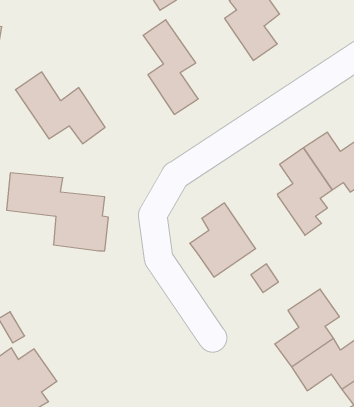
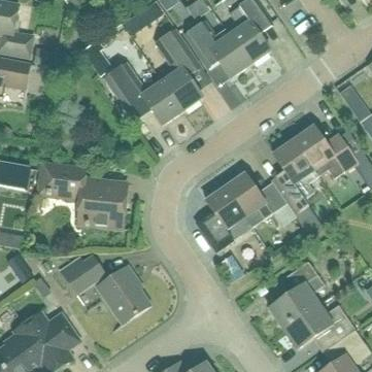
building: none -> [184,20,250,77]
building: [15,72,105,144] -> [105,63,182,125]
building: none -> [226,173,297,226]
building: none -> [61,255,151,324]

